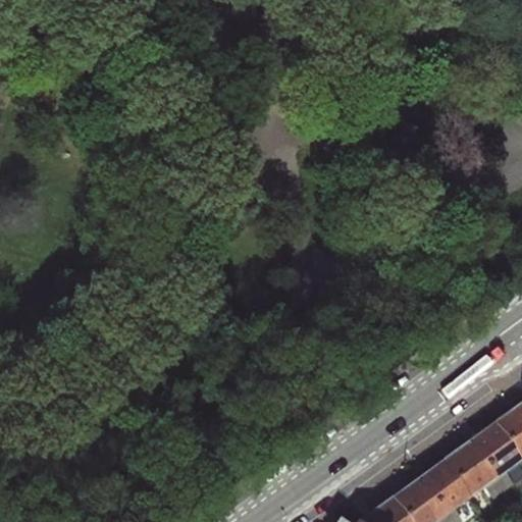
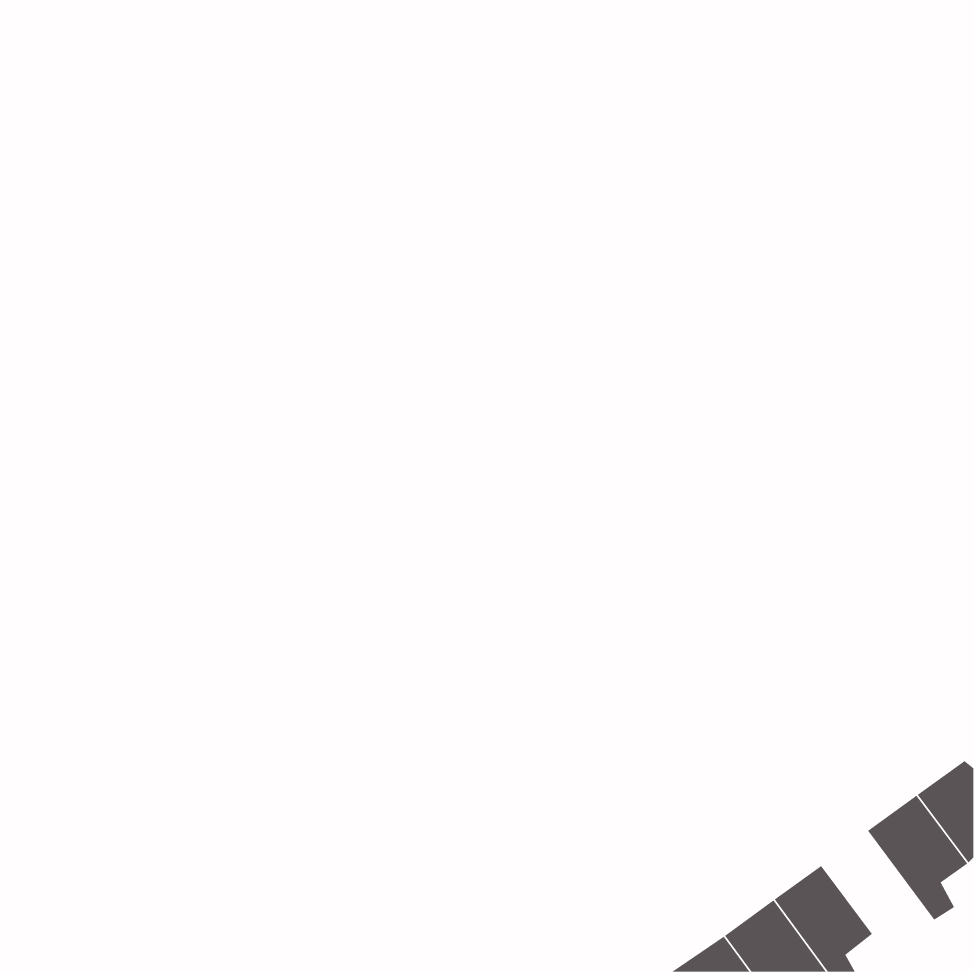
building: [439,445,500,500] -> none

